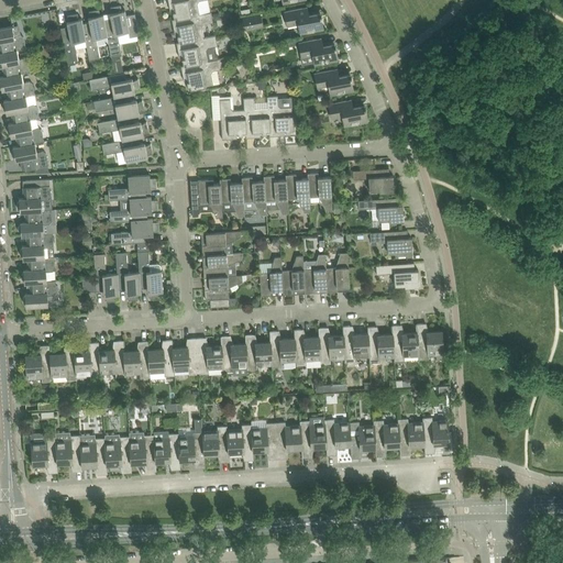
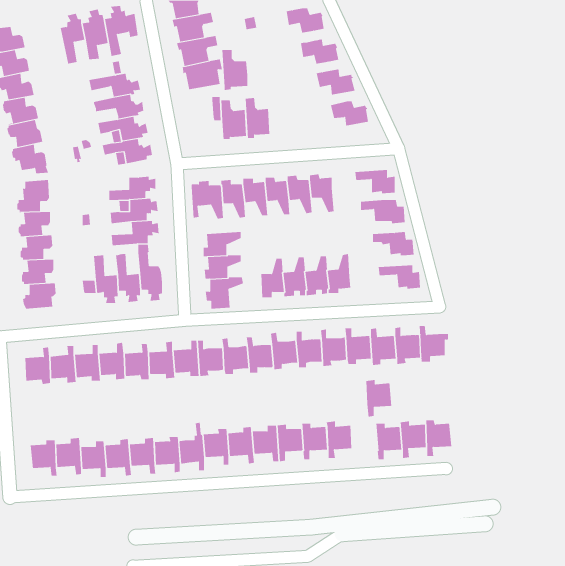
building: [266,96,292,136] -> [221,50,248,91]
building: [349,420,375,459] -> [366,379,392,417]

